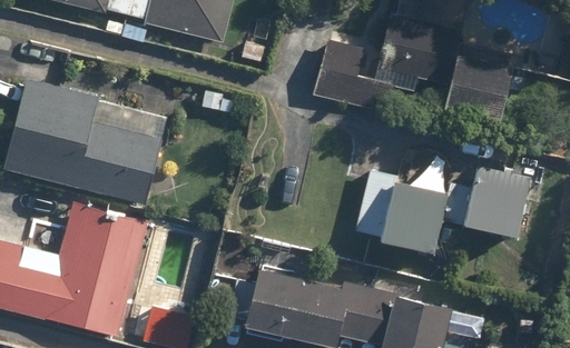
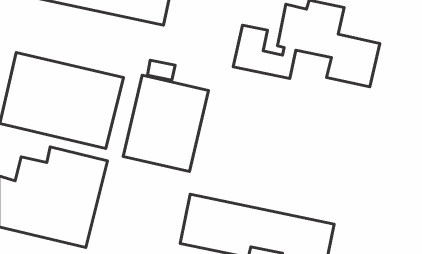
building: none -> [123,75,209,171]
building: [354,151,529,255] -> none

